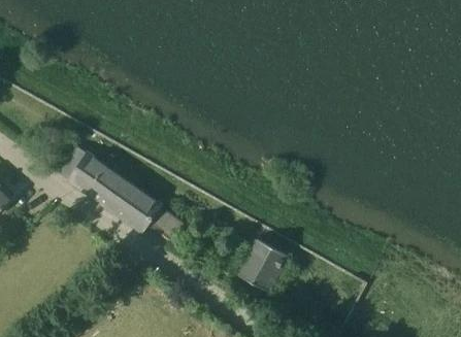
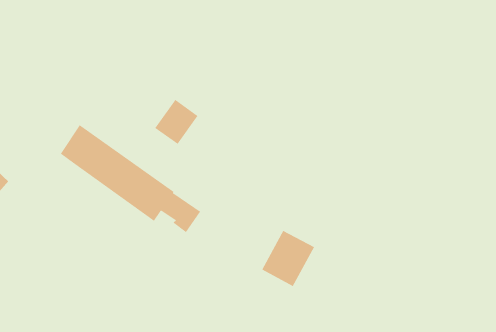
building: none -> [154,99,199,145]

